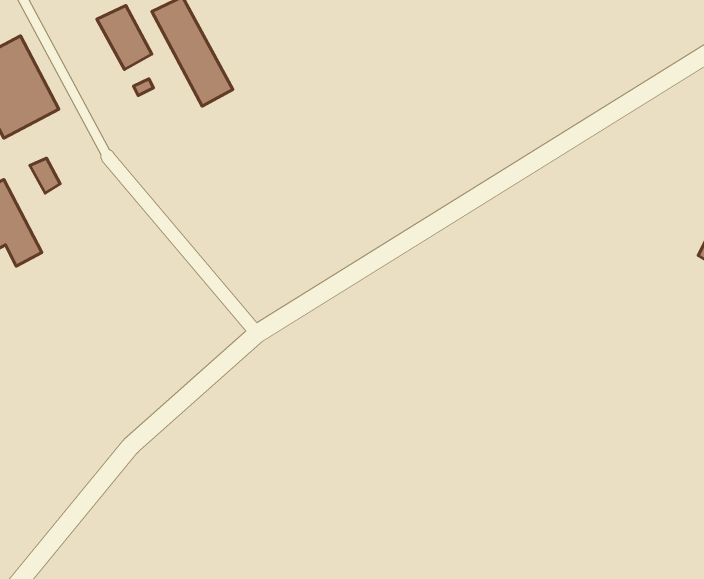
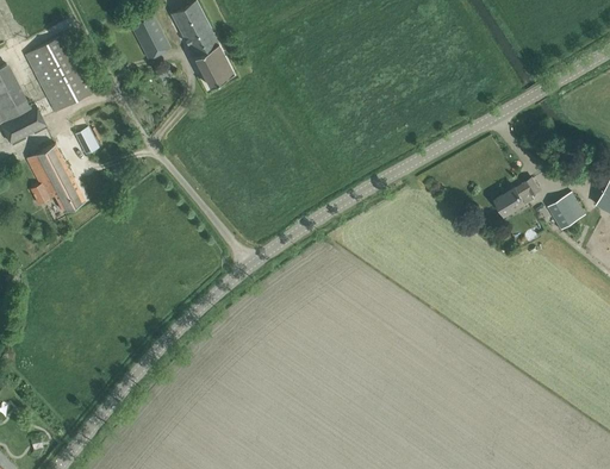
building: none -> [494,177,539,214]
building: none -> [548,192,585,227]

